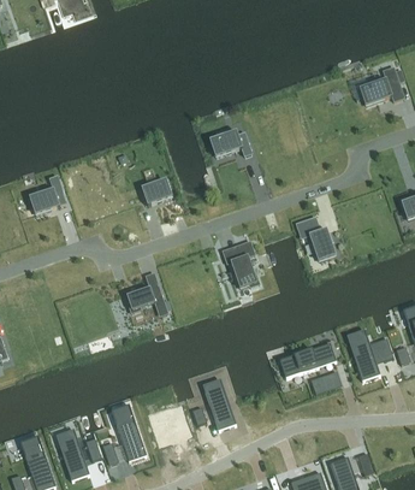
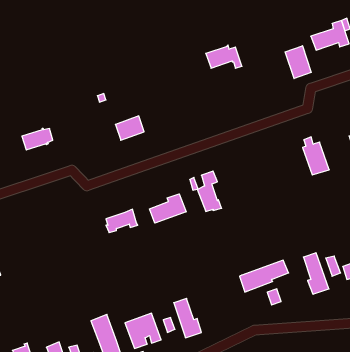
building: none -> [285,46,311,79]
building: [206,131,247,158] -> [206,45,242,68]
building: [309,212,339,255] -> [303,137,329,175]
building: none -> [149,194,186,223]

